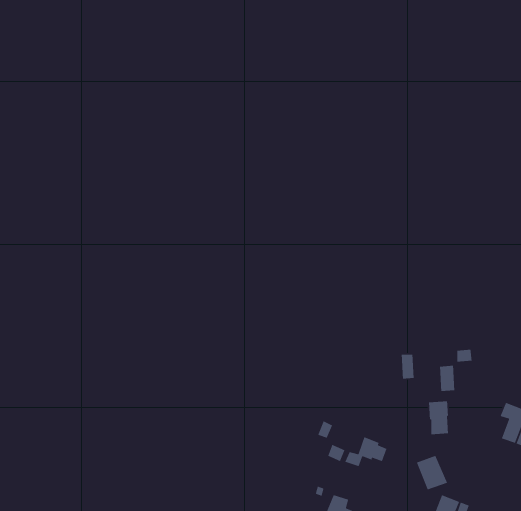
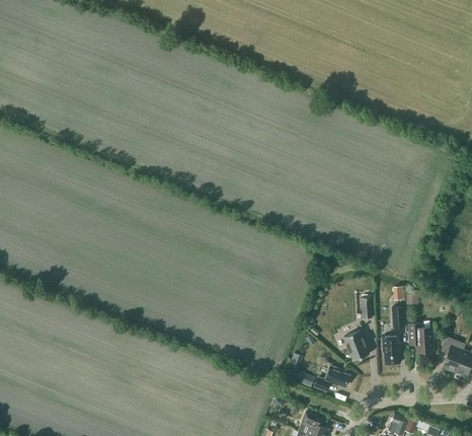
building: none -> [408,323,434,353]
building: [416,455,448,491] -> [343,332,370,361]

